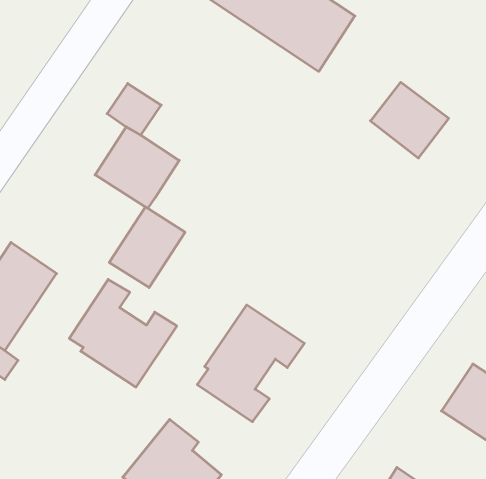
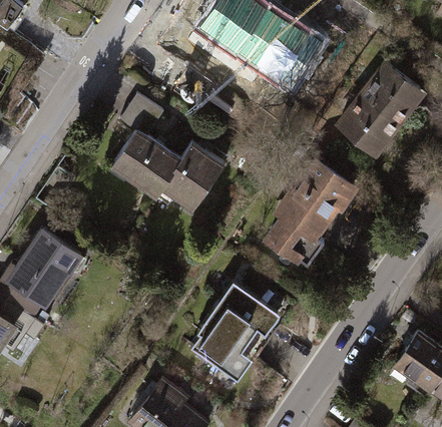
building: none -> [362,62,428,125]
building: none -> [264,159,357,270]
building: [109,207,185,288] -> [157,145,220,212]
building: [69,279,177,387] -> none

